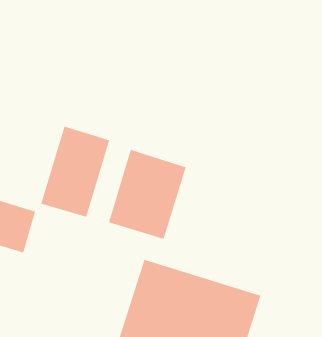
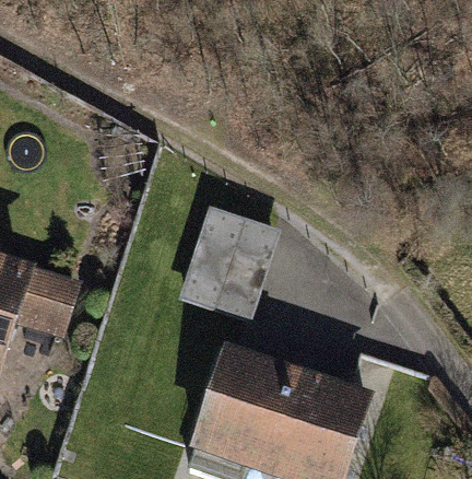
building: [40,126,110,217] -> none

